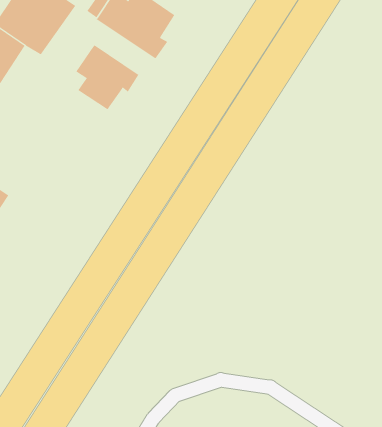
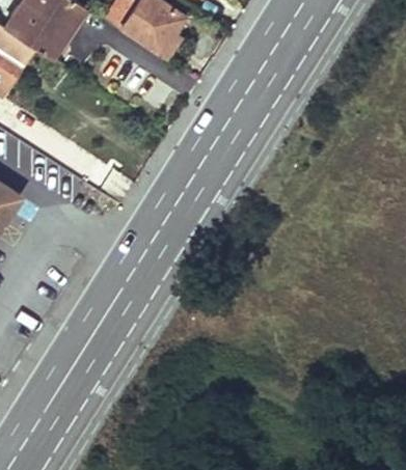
building: [76,44,139,110] -> none

